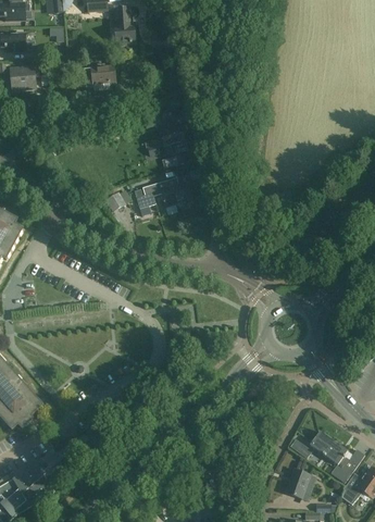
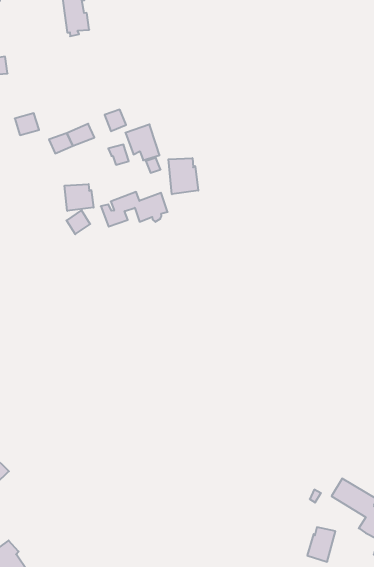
building: [79,65,114,90] -> none
building: none -> [168,158,198,194]
building: none -> [65,184,94,211]

